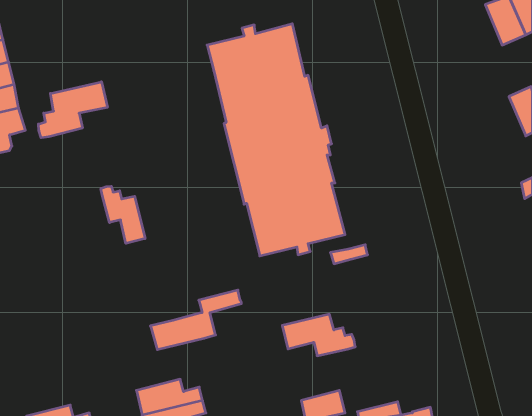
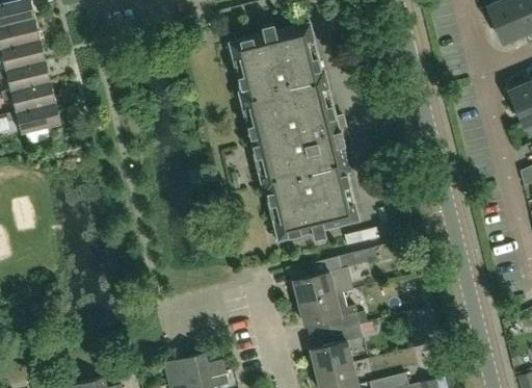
building: [38,82,107,138] -> none
building: [101,186,145,243] -> none
building: [150,290,241,350] -> [293,248,377,303]
building: none -> [311,325,364,372]

